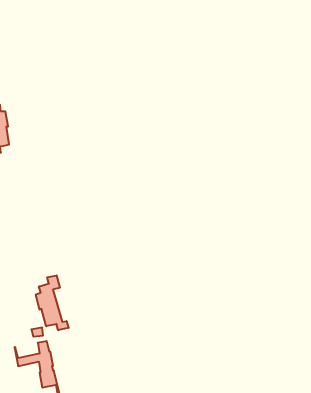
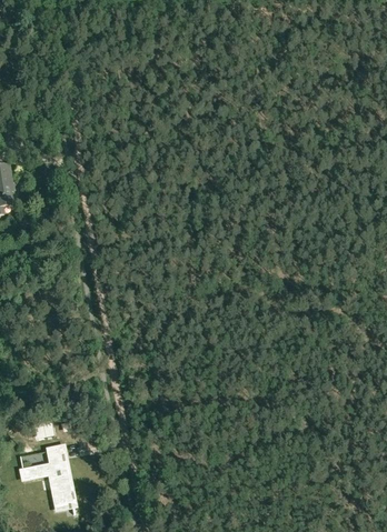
building: [36,275,69,330] -> none

